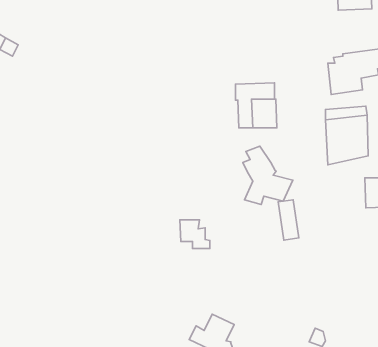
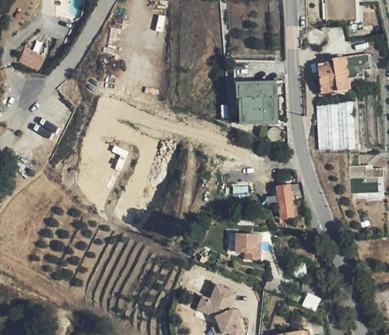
building: [243,146,293,204] -> none
building: [180,220,210,249] -> [232,235,258,260]

